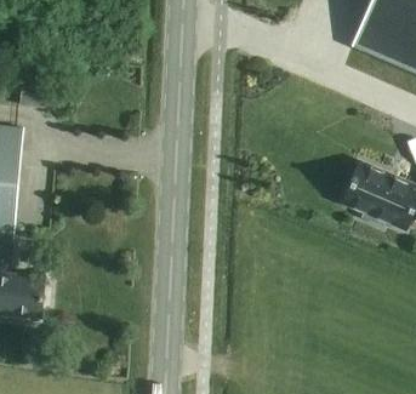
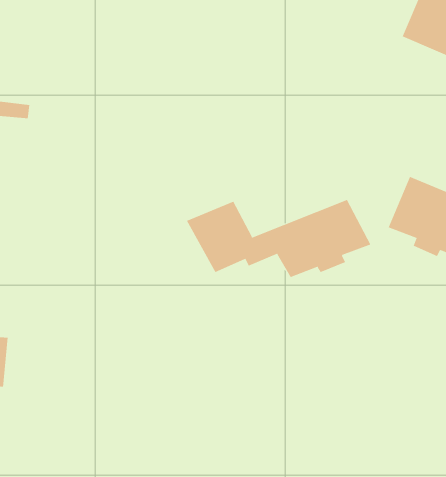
building: none -> [186,199,371,278]

